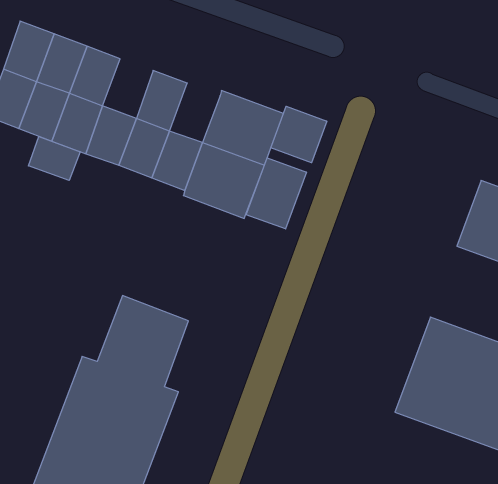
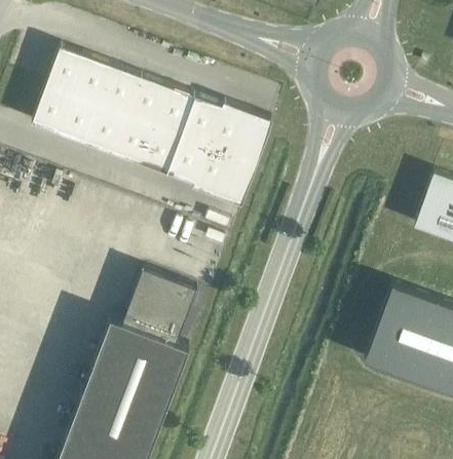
building: none -> [126,77,167,125]
building: none -> [181,97,222,145]
building: [271,106,327,163] -> none
building: [28,137,80,180] -> none
building: [246,158,306,229] -> none

